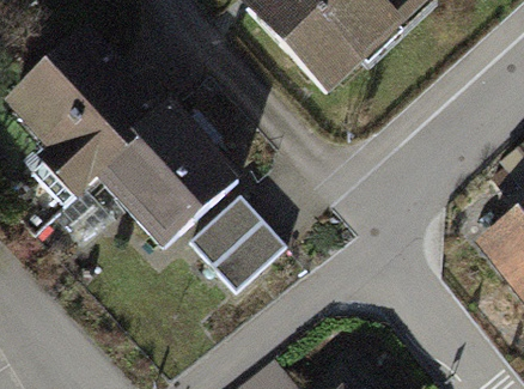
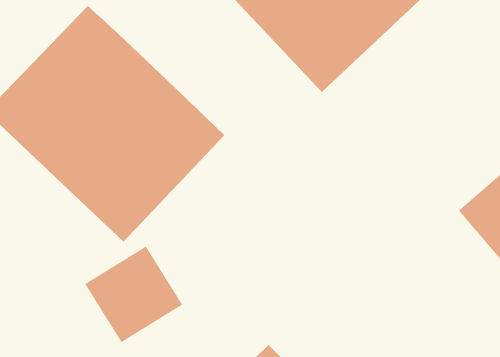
building: [193,187,288,281] -> [84,245,183,343]

